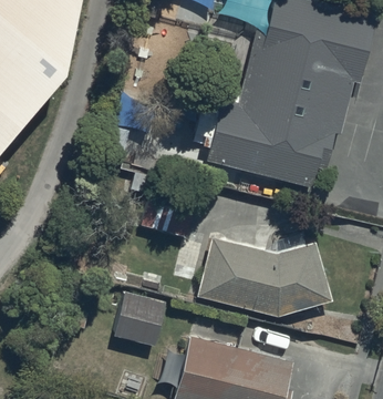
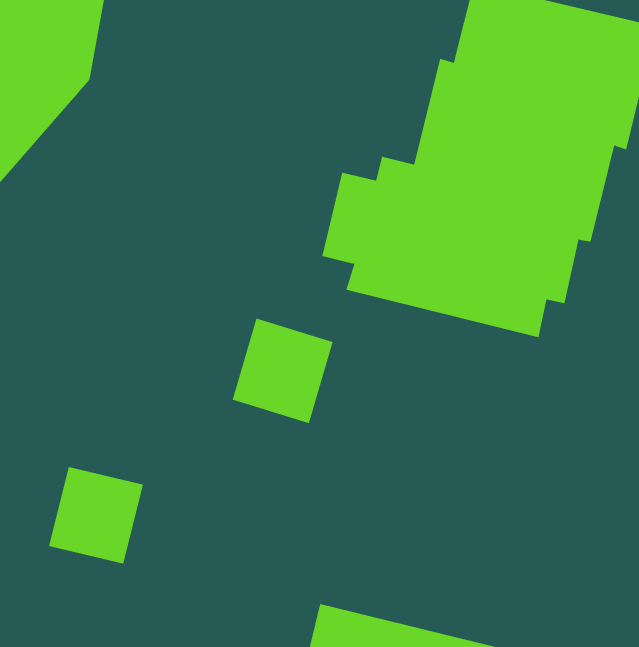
building: [196,238,332,319] -> none
building: [113,290,166,345] -> [48,466,144,564]

